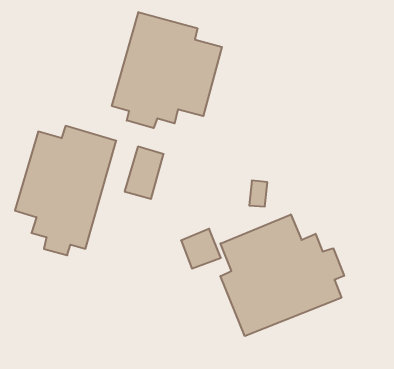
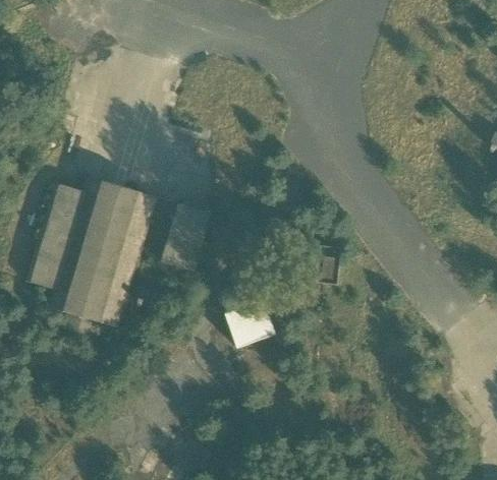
building: [112,12,222,128] -> none
building: [220,214,344,336] -> none

